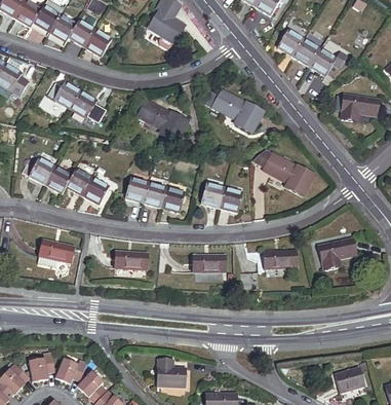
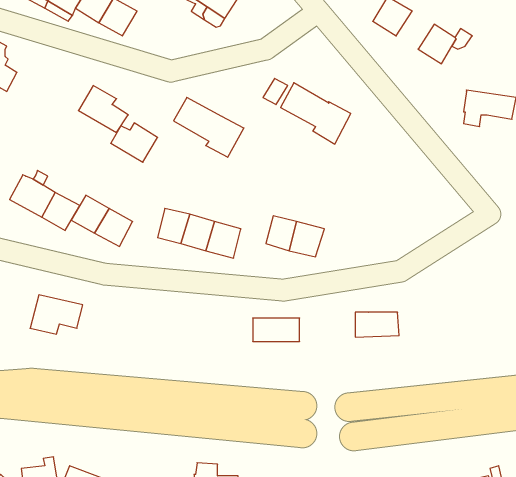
building: [294,39,320,66] -> none
building: [48,81,81,109] -> [111,123,158,162]
building: [253,150,313,195] -> none
building: [319,238,356,269] -> none
building: [115,251,148,269] -> none

